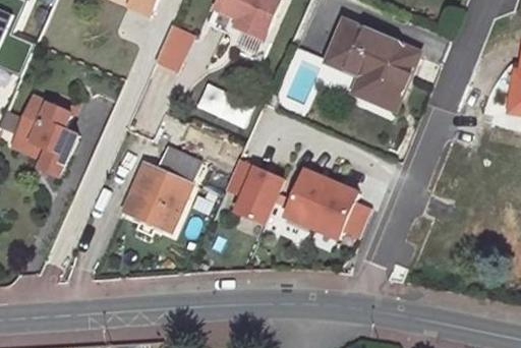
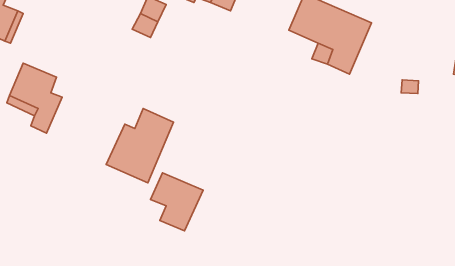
building: [226,160,284,224] -> [151,173,203,231]
building: [285,170,371,239] -> none

